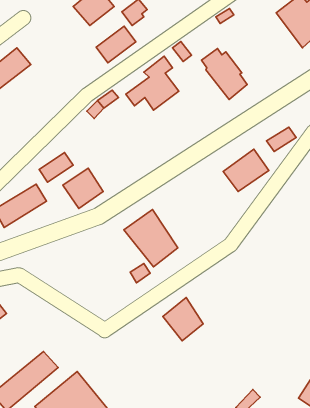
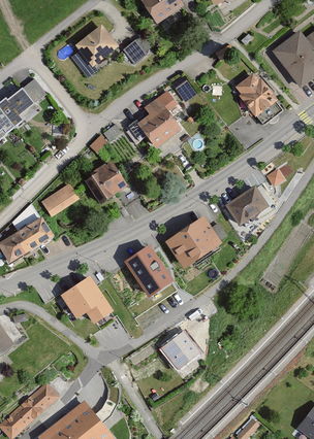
building: [96,26,136,63] -> none
building: [202,49,247,99] -> [236,75,280,125]
building: [63,168,103,208] -> [85,165,124,204]
building: none -> [167,214,226,270]
building: none -> [64,280,109,322]

